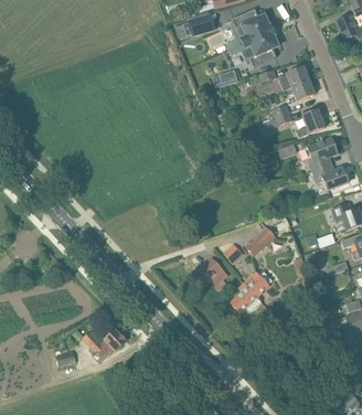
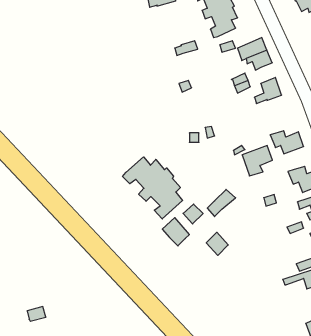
building: [305,137,337,169] -> [242,146,272,176]
building: none -> [123,157,183,219]
building: [231,283,262,312] -> none
building: [82,328,126,357] -> none

